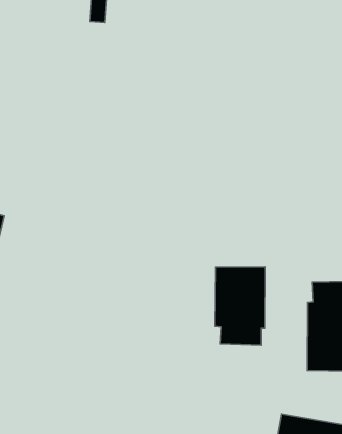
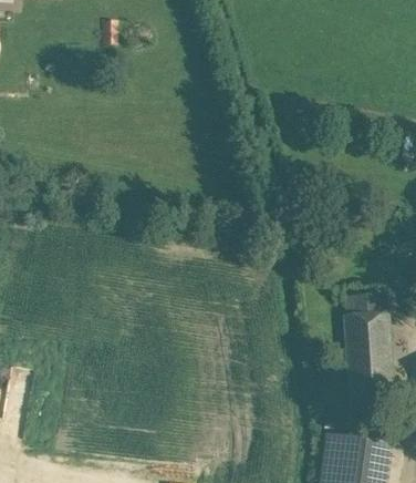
building: [215,267,265,345] -> none

